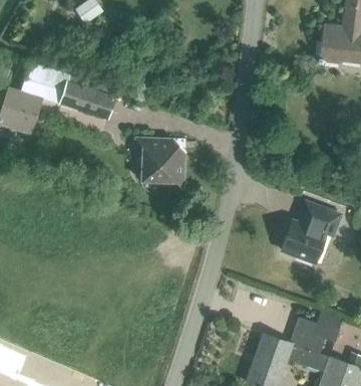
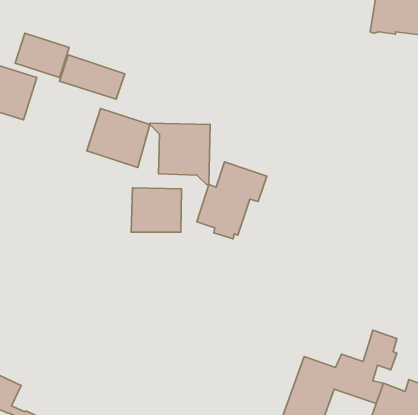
building: none -> [87,109,150,167]
building: none -> [131,188,182,232]
building: [282,200,340,264] -> [197,162,267,239]

